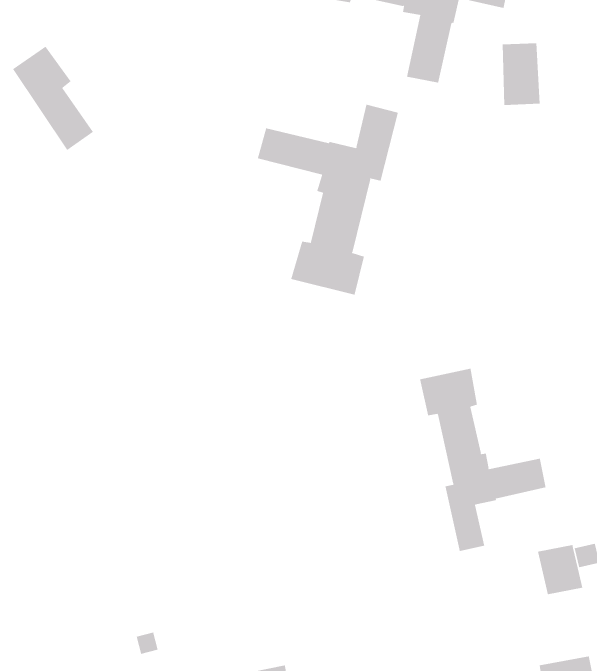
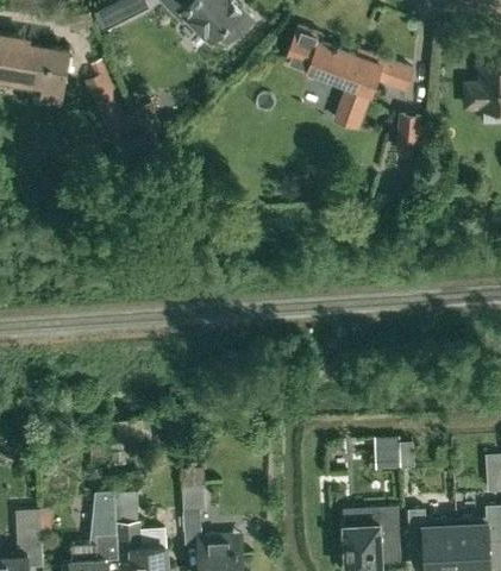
building: [257,104,398,296] -> none
building: [420,368,546,552] -> none

